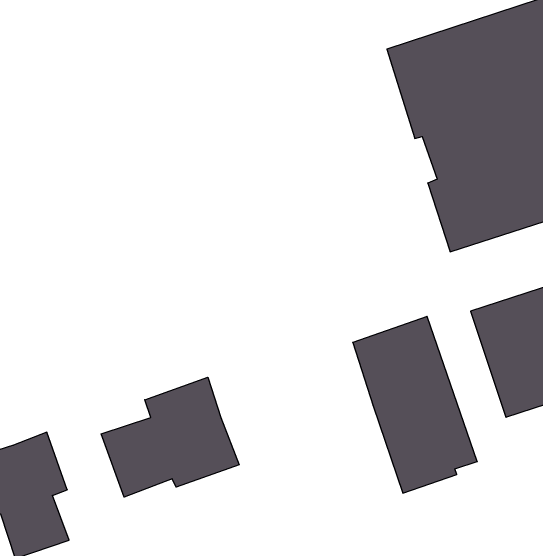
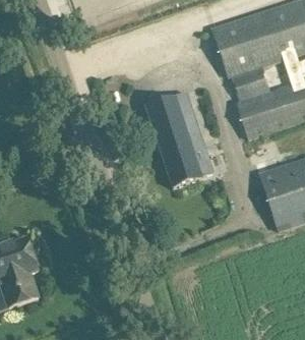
building: [353,316,477,493] -> [145,92,214,188]
building: [101,377,239,497] -> none

